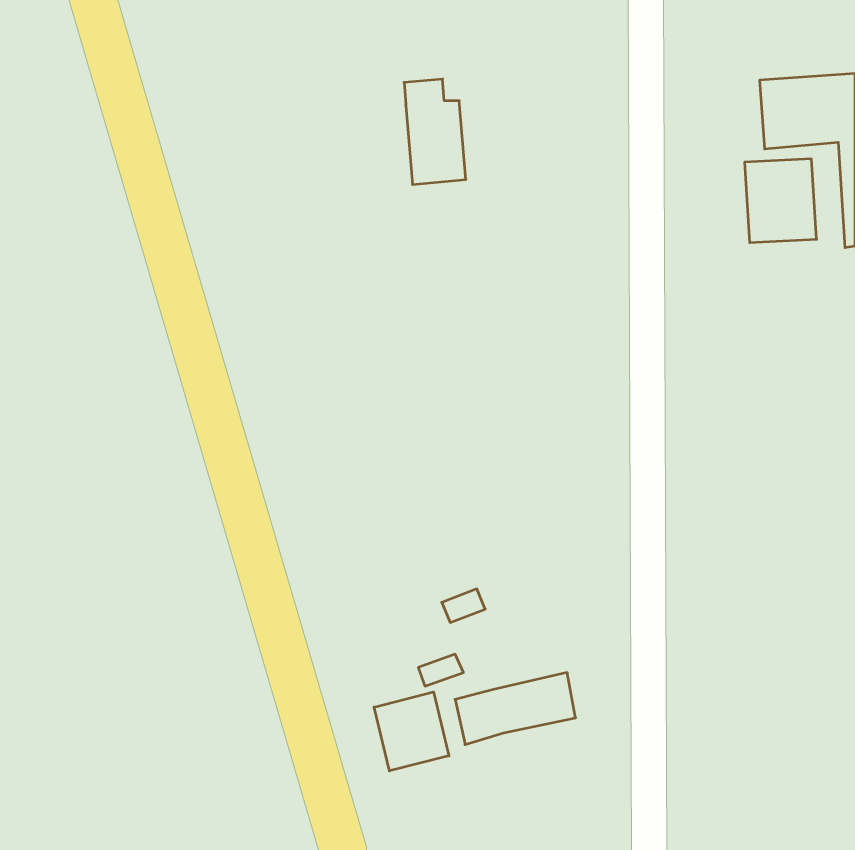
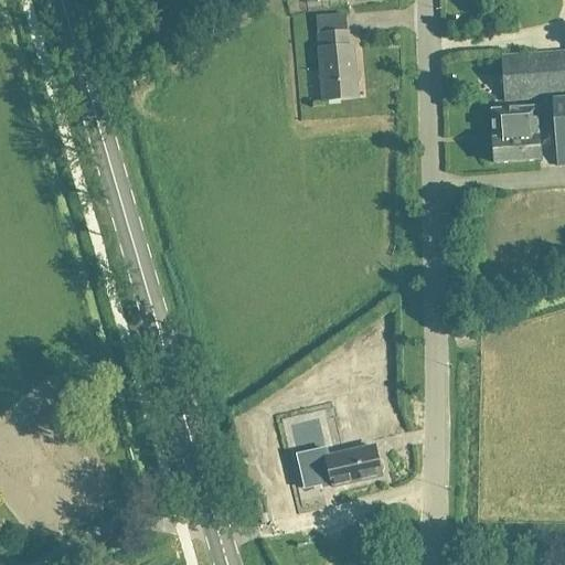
building: [404,79,466,184] -> [317,29,358,98]
building: [374,692,449,771] -> none

